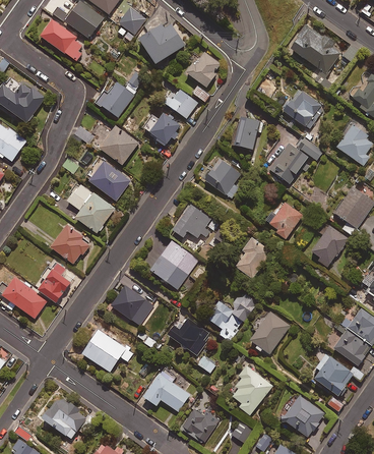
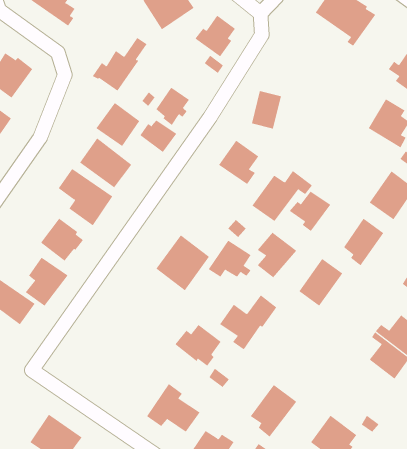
building: [165,90,197,118] -> [140,120,177,153]
building: [284,90,324,129] -> none
building: [268,138,321,183] -> [251,170,313,222]
building: [172,205,209,237] -> [208,240,252,278]
building: [110,285,144,321] -> none
building: [250,313,289,354] -> [298,258,343,307]
building: [82,330,132,372] -> none
building: [315,354,354,396] -> none

